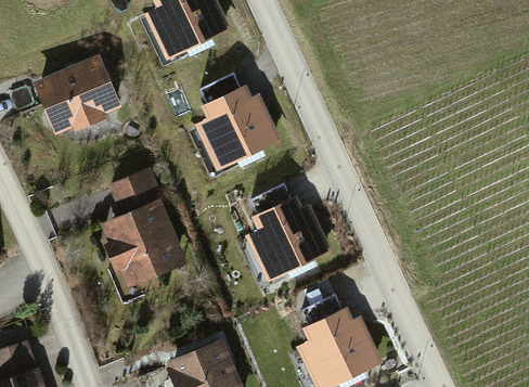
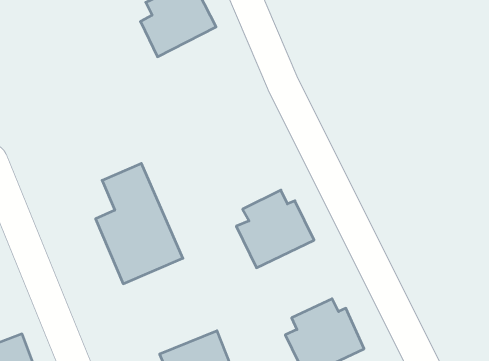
building: [35,51,125,132] -> none
building: [194,85,273,164] -> none

